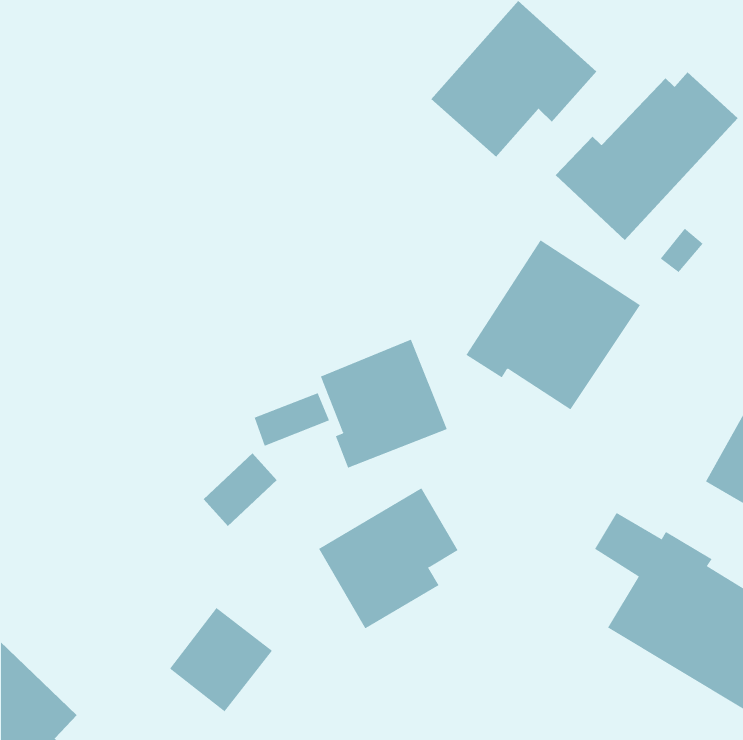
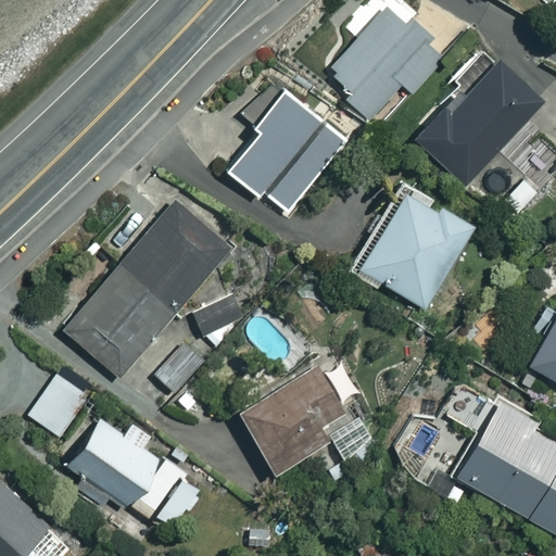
building: none -> [225,90,343,211]
building: none -> [65,202,228,376]
building: [320,339,447,469] -> none
building: none -> [28,375,88,437]
building: none -> [61,415,163,509]

